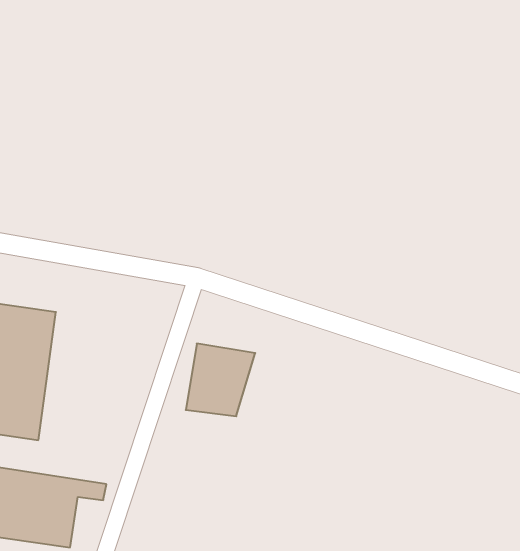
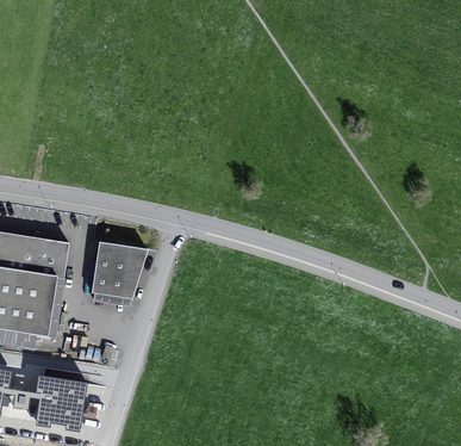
building: [186,344,255,416] -> [98,241,150,296]

